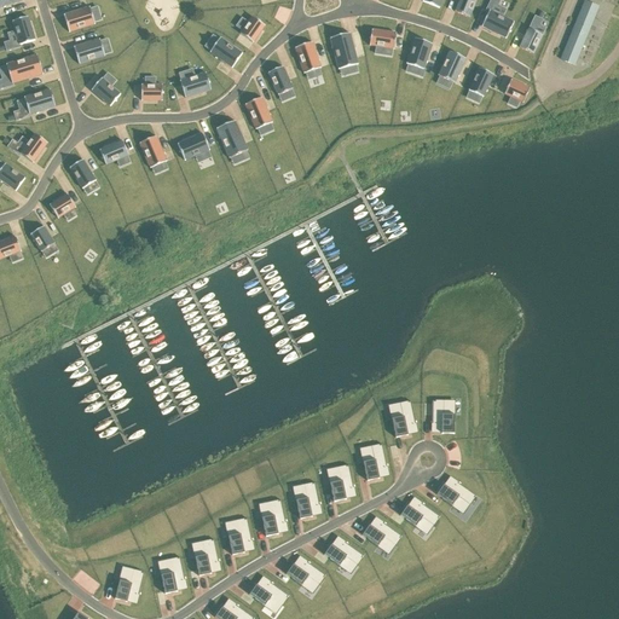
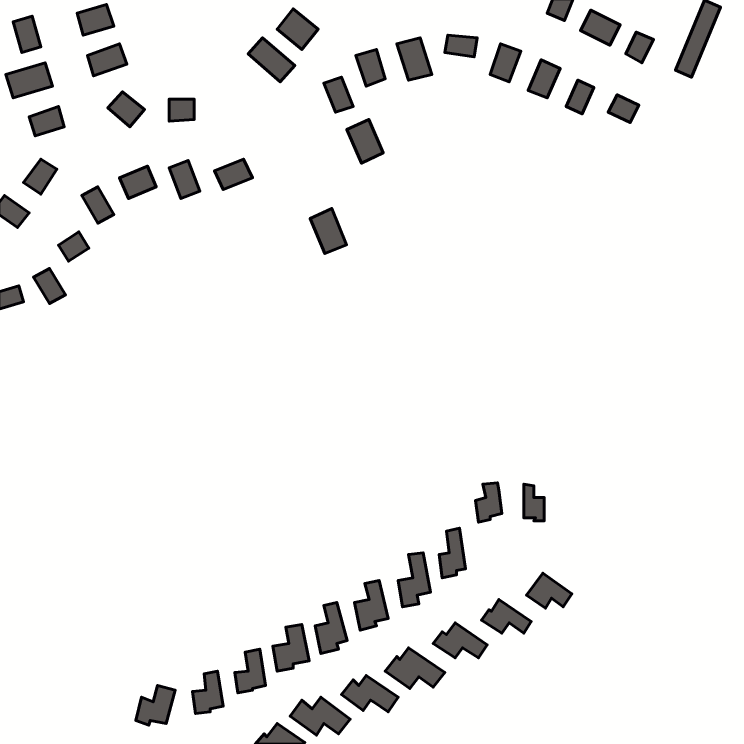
building: [179,69,212,97] -> none
building: [243,93,273,129] -> [347,119,383,163]
building: [215,118,245,156] -> [310,208,347,254]

